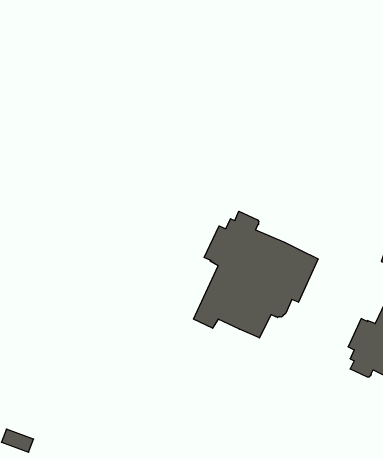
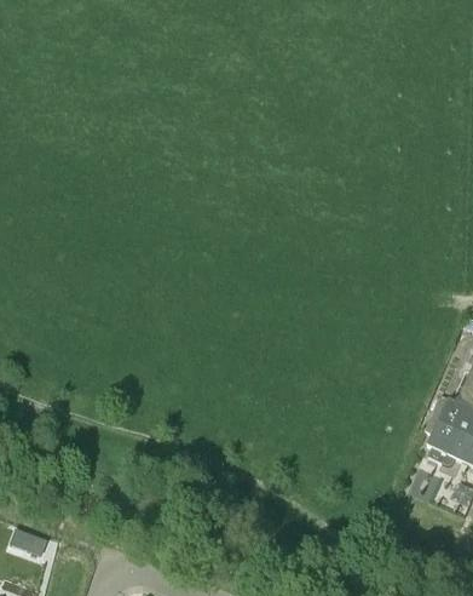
building: [194,211,318,338] -> none

